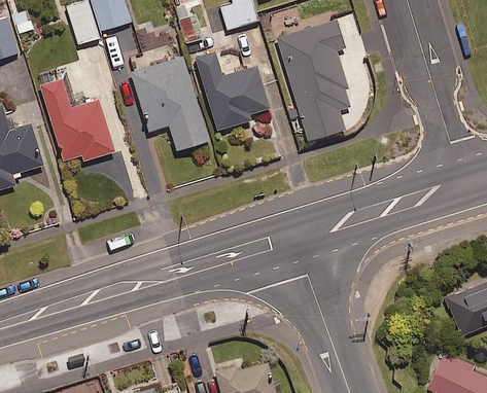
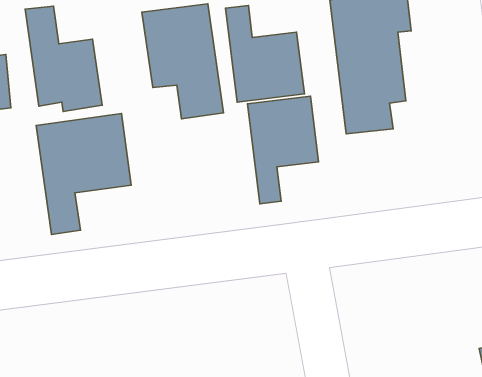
building: none -> [248,96,318,204]
building: none -> [36,113,131,234]

